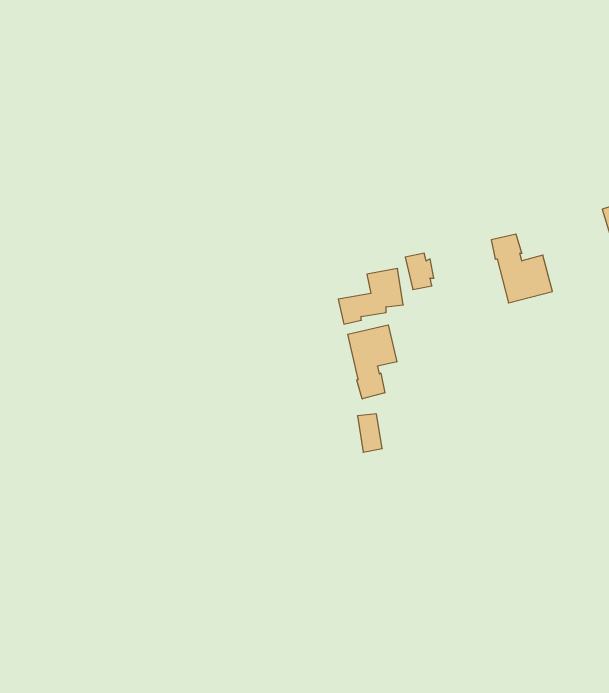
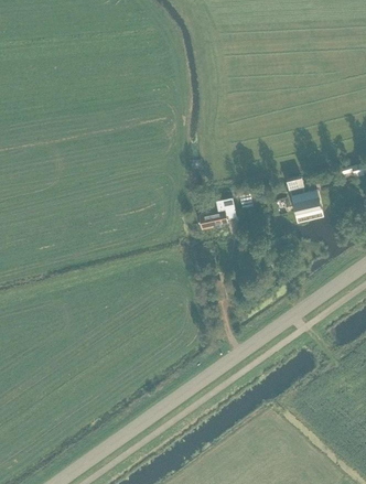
building: [348,325,397,399] -> none

